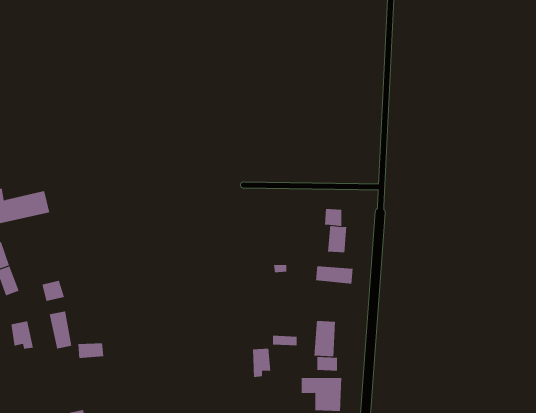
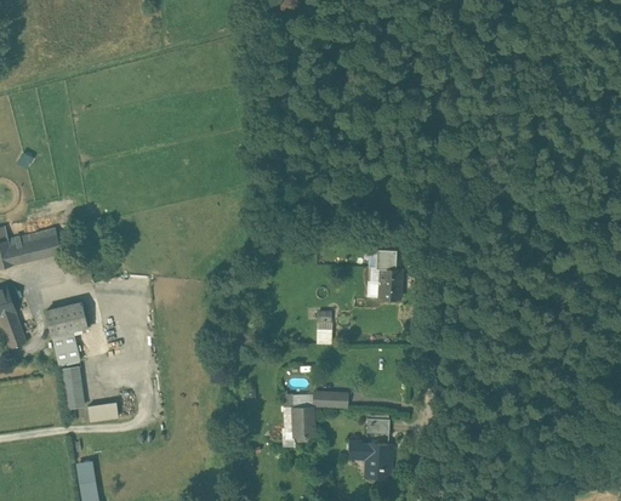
building: none -> [45,303,87,336]
building: [316,266,353,285] -> none
building: [314,320,335,357] -> none
building: [11,321,33,350] -> none

